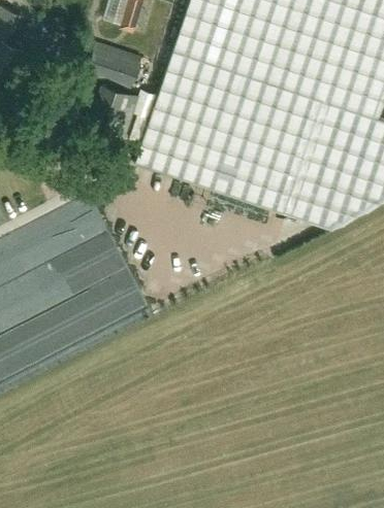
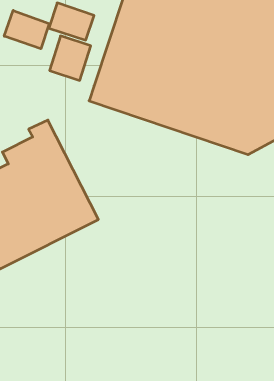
building: none -> [4,10,49,49]

